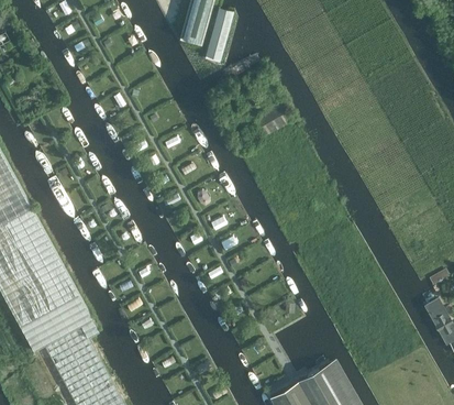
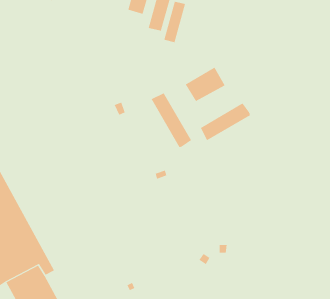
building: none -> [151,93,192,148]
building: none -> [200,102,250,141]

